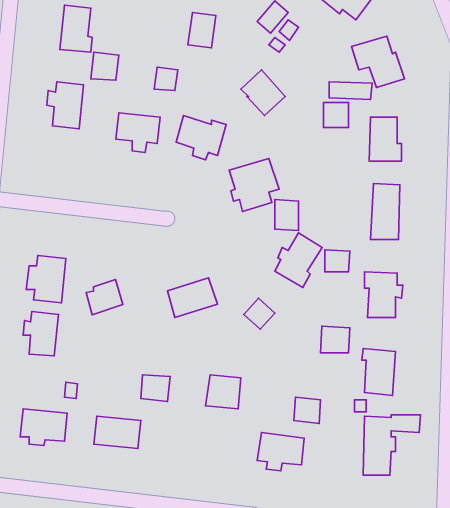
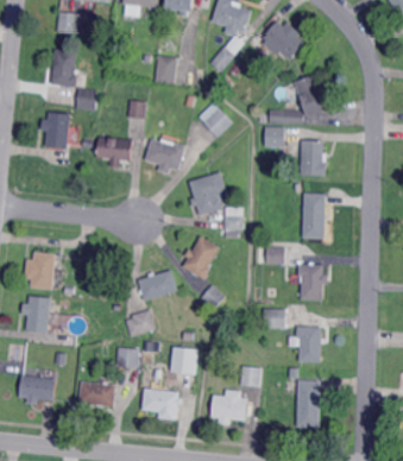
building: [275,233,322,287] -> [182,235,220,279]
building: [86,279,123,315] -> [125,309,155,337]
building: none -> [141,387,180,412]

